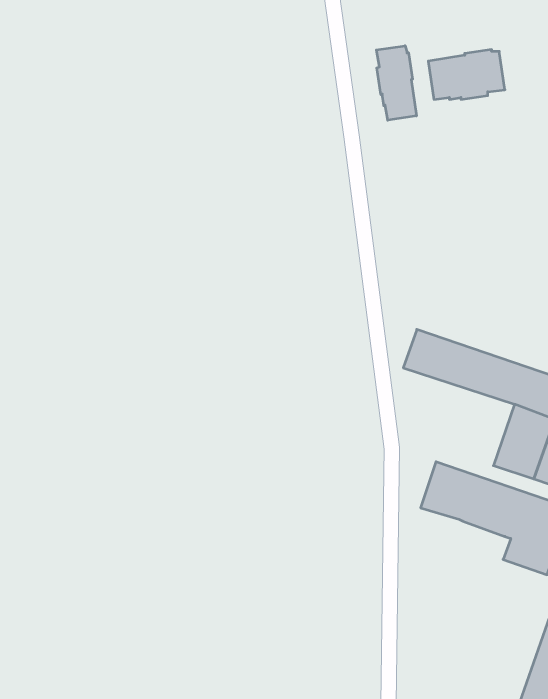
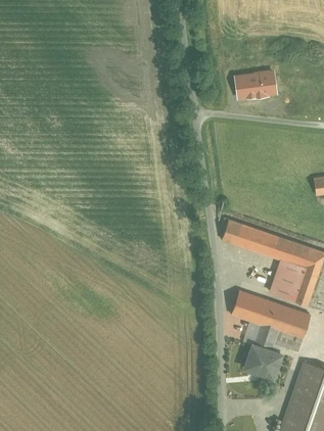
building: [376,46,416,120] -> none
building: none -> [244,321,281,378]

